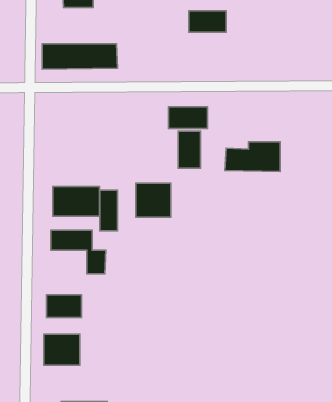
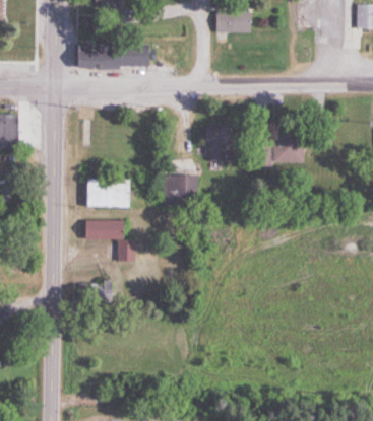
building: [168,107,207,128] -> none
building: [100,190,117,231] -> none
building: [44,334,80,365] -> none

